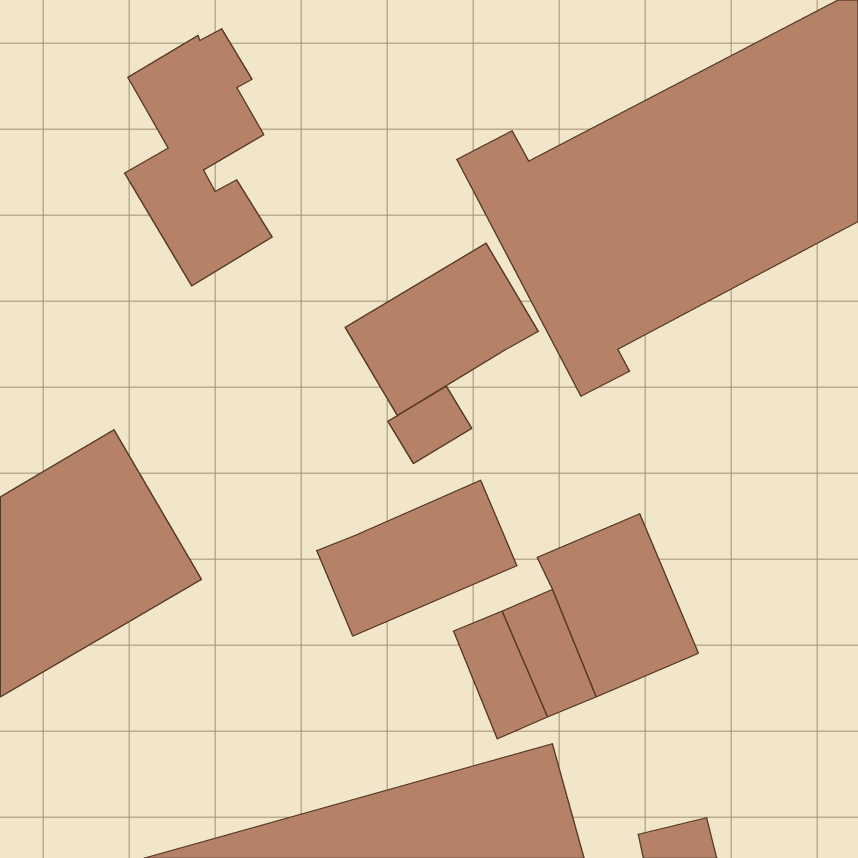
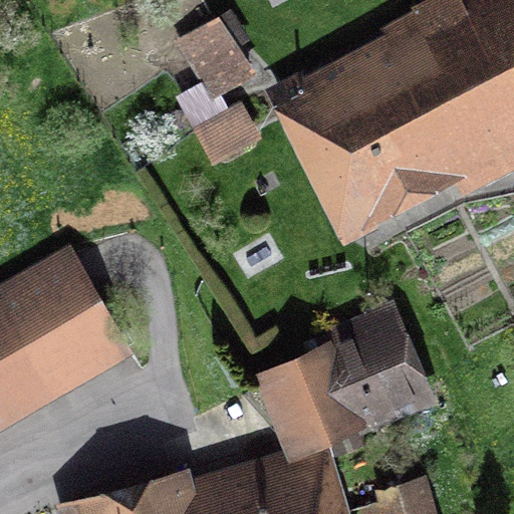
building: [124,29,272,286] -> [174,6,262,160]
building: [345,243,538,416] -> none
building: [317,480,517,636] -> none

